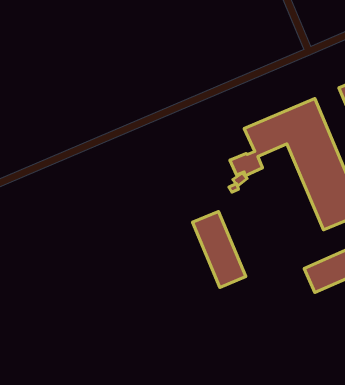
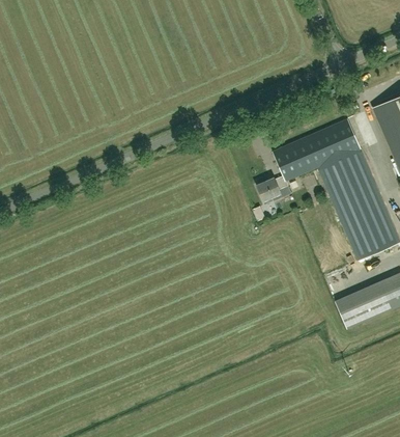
building: [192,211,246,287] -> none

